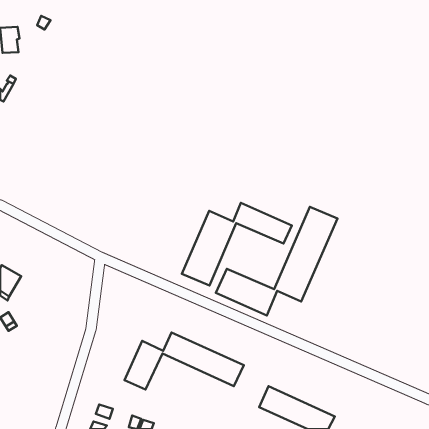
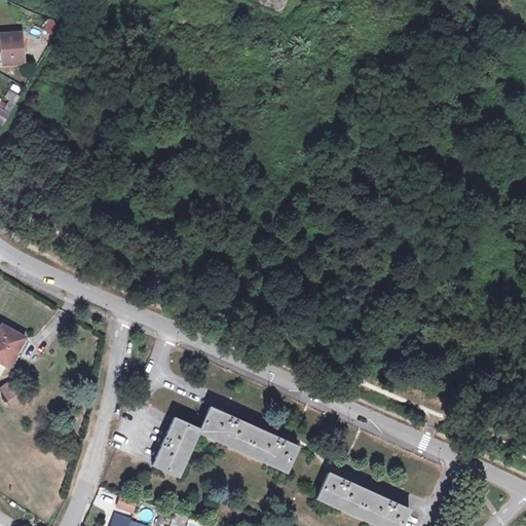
building: [182,203,292,286] -> none
building: [216,207,338,315] -> none

